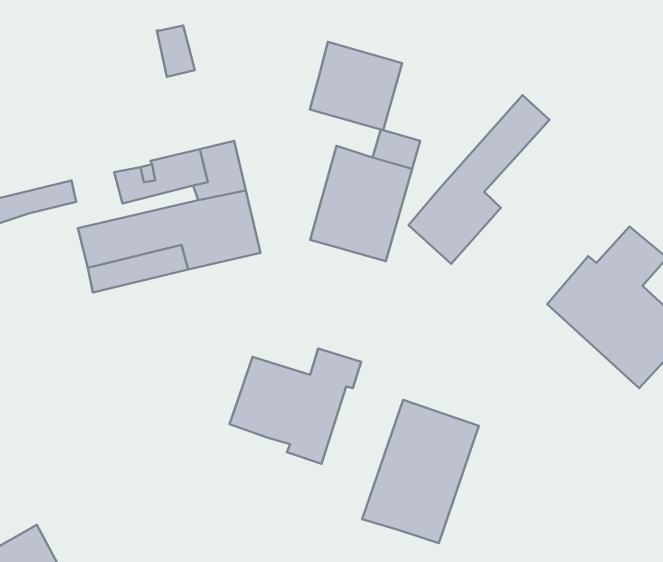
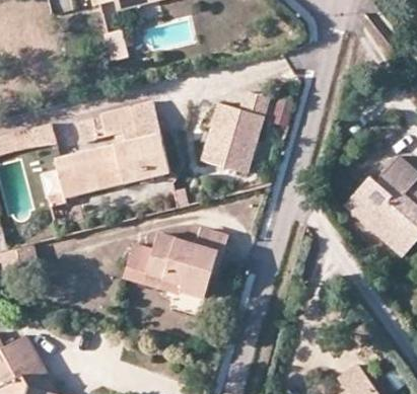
building: [310,42,402,130] -> none
building: [408,95,549,264] -> none
building: none -> [126,246,171,294]
building: [362,400,479,543] -> none

